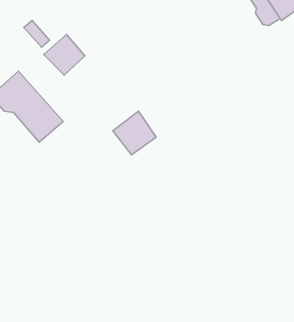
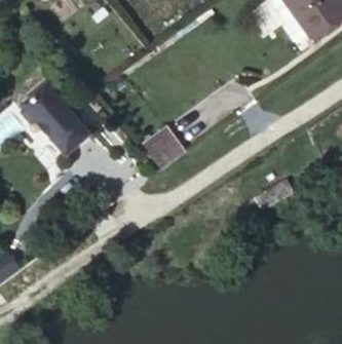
building: [44,35,85,75] -> none

